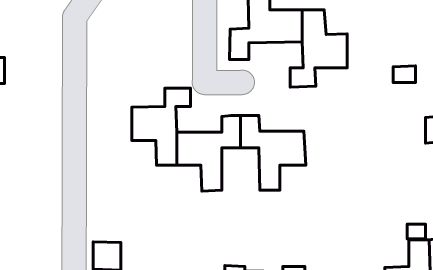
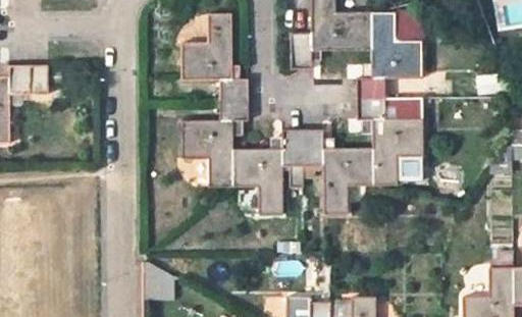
building: none -> [184,12,250,99]
building: none -> [360,97,424,184]

